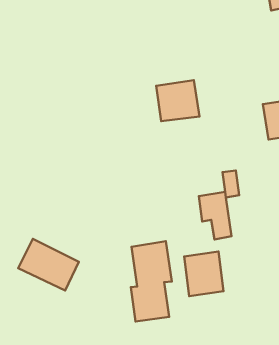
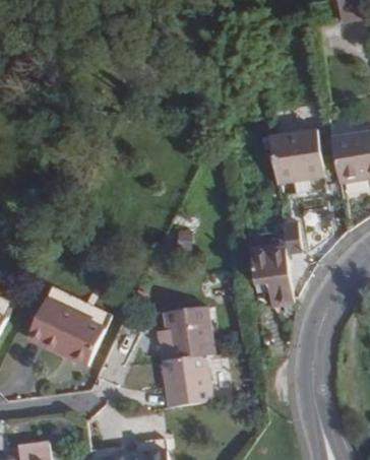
building: [156,80,200,121] -> [269,130,323,181]
building: [184,251,224,296] -> none

